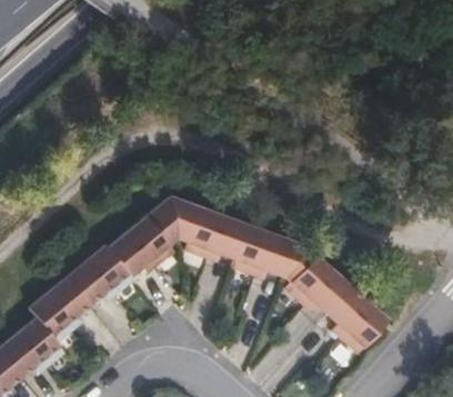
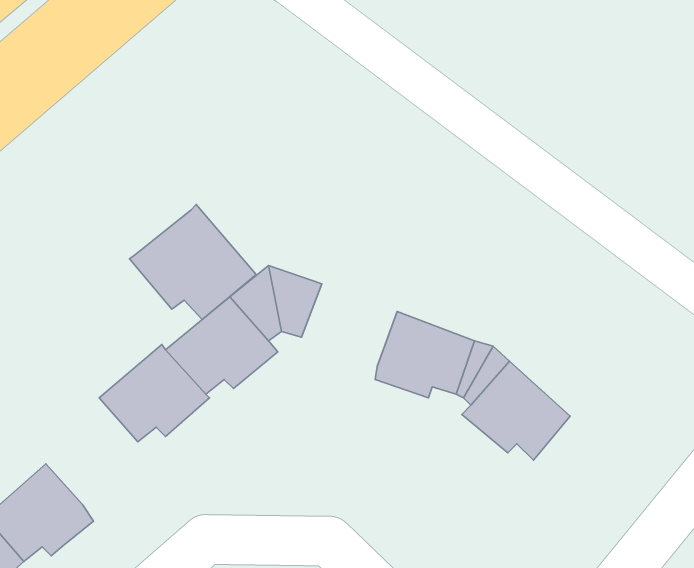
building: none -> [129,204,256,320]
building: [187,208,246,260] -> none
building: [28,277,90,341] -> none
building: [329,288,389,353] -> none

